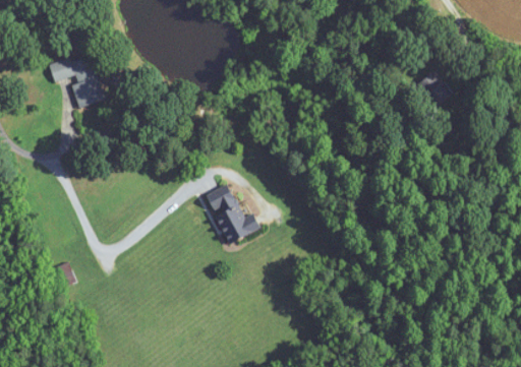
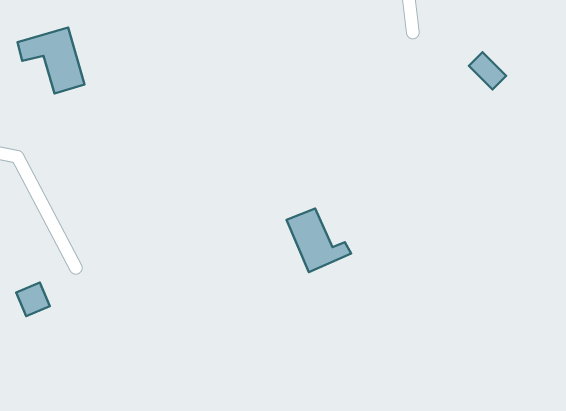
building: [208,190,260,242] -> [286,209,351,272]

